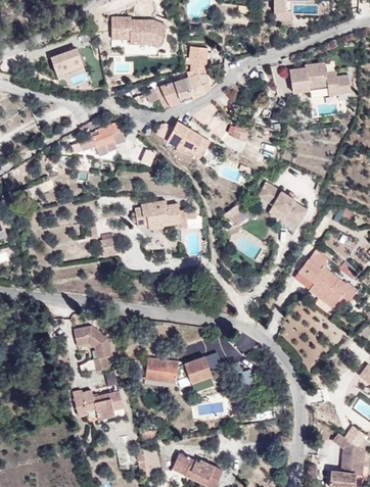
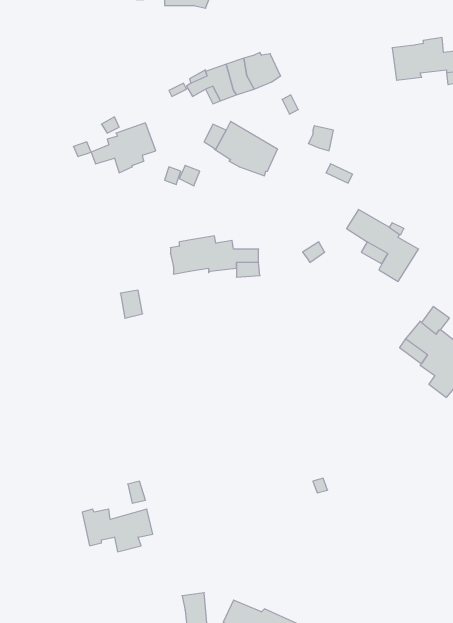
building: [188,46,207,75] -> none
building: [50,48,82,72] -> none
building: [74,326,111,371] -> none
building: [145,355,212,383] -> none

